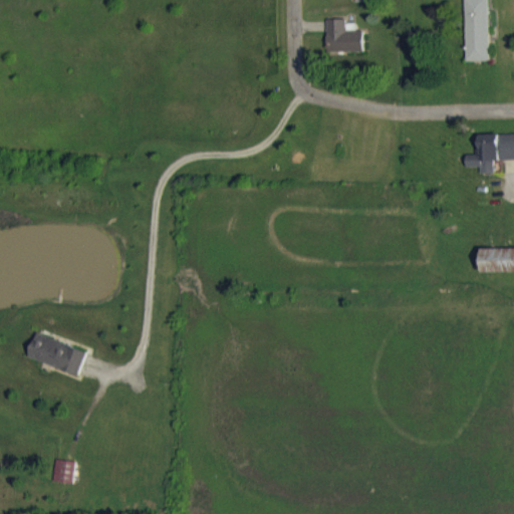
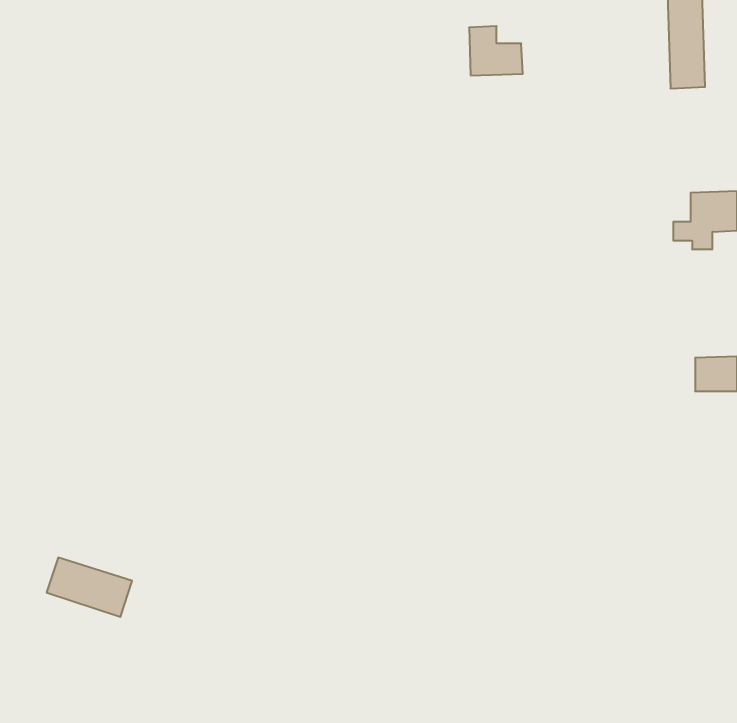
building: [27,333,86,374] -> [47,558,132,617]
building: [51,459,74,483] -> none

